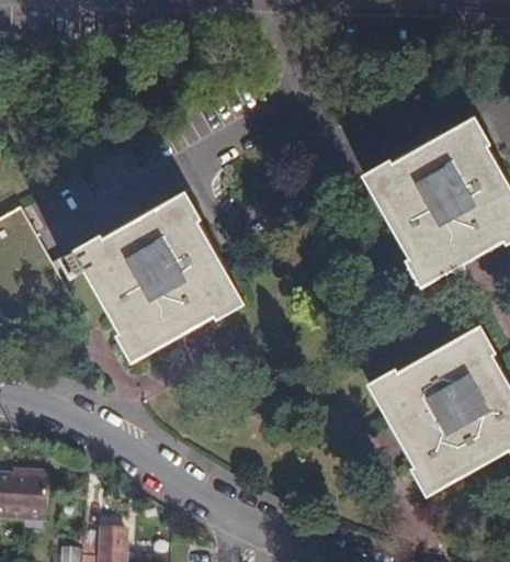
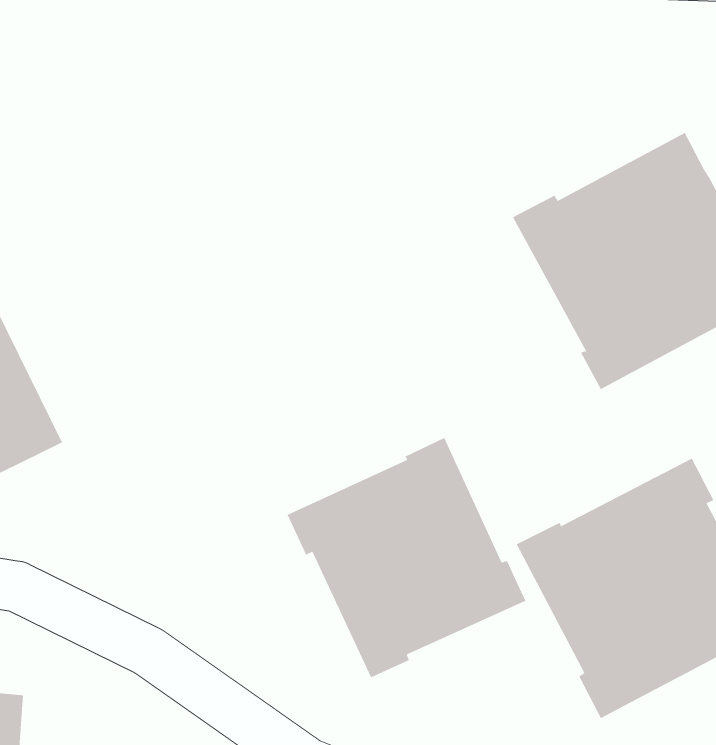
building: [76,196,248,368] -> none
building: none -> [287,437,526,678]

